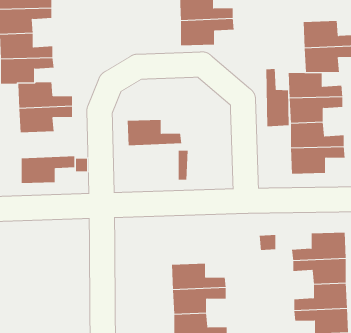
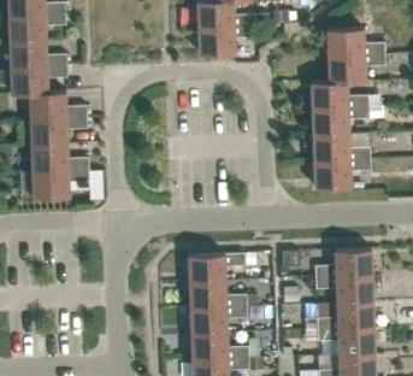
building: [266,68,289,127] -> none
building: [127,119,182,146] -> [31,143,89,171]
building: none -> [188,253,246,282]

